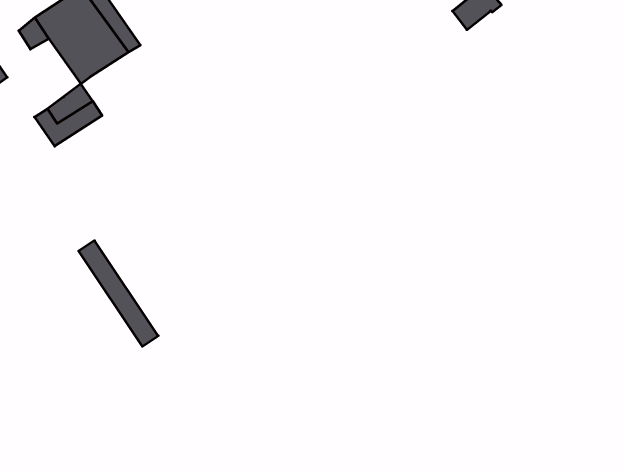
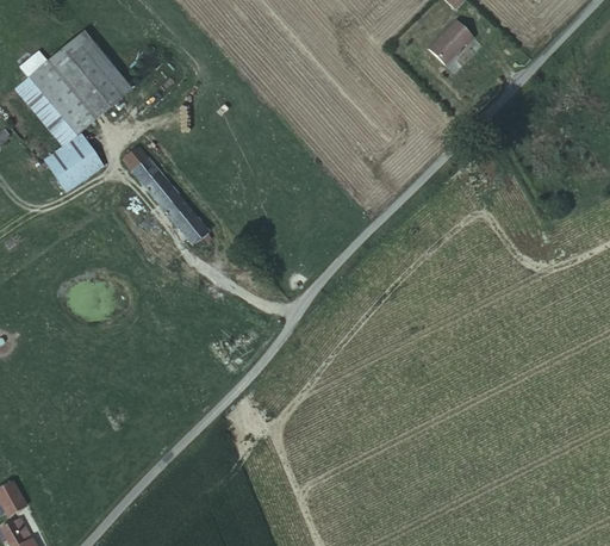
building: none -> [32,93,81,147]
building: [79,241,158,346] -> [125,145,204,242]

